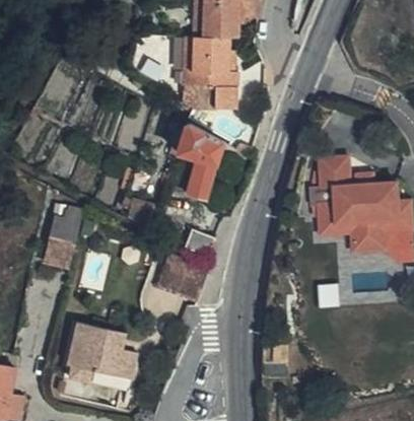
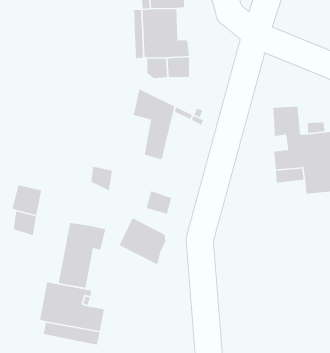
building: none -> [58,222,106,288]

